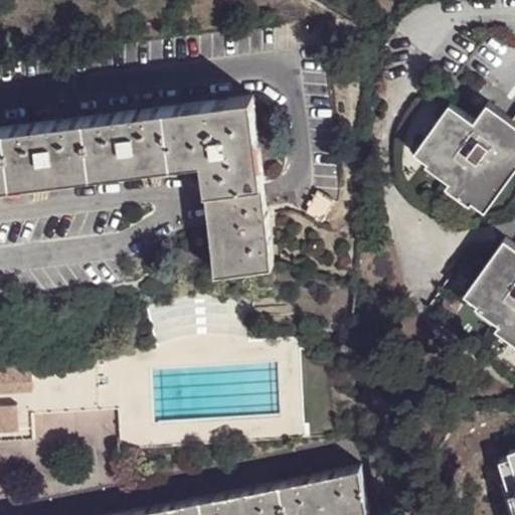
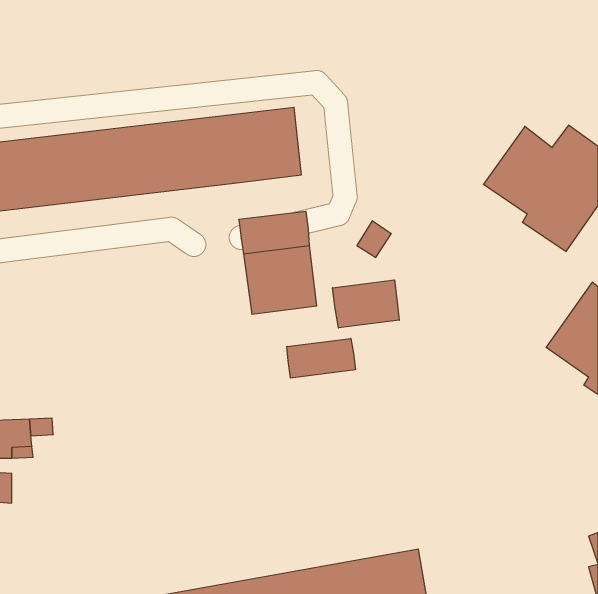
building: [199,157,261,195] -> none
building: none -> [333,280,399,328]
building: none -> [287,338,355,378]

